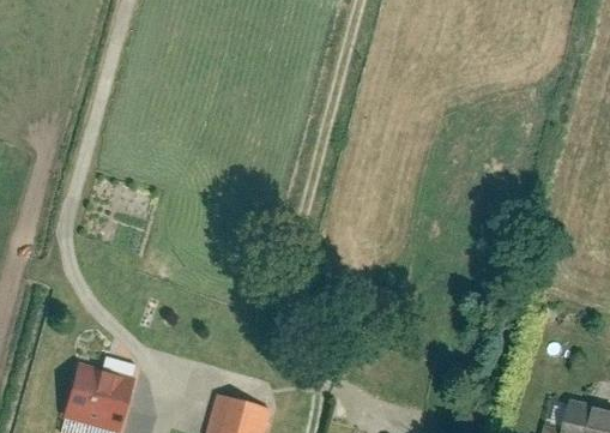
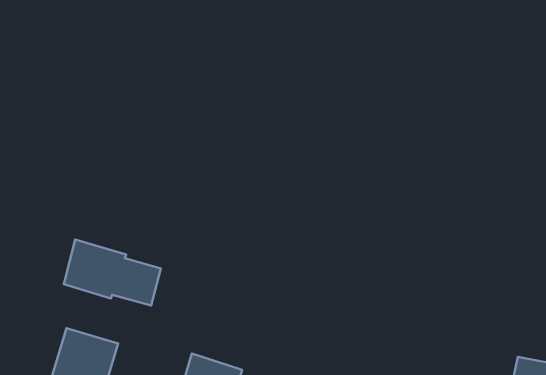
building: none -> [64,239,161,305]

